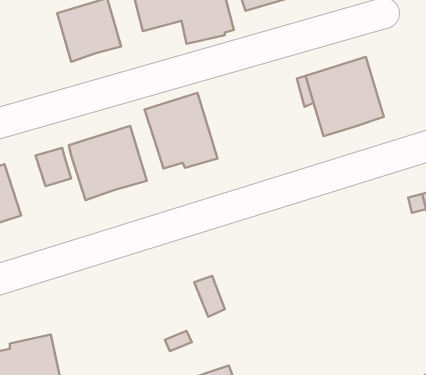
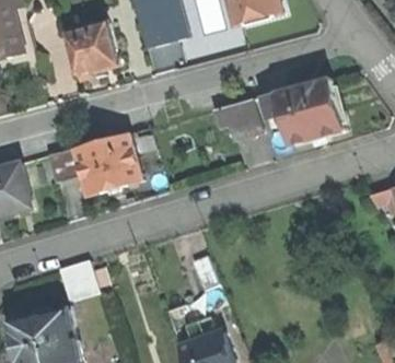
building: none -> [229,94,266,133]
building: [144,93,217,169] -> none
building: none -> [55,260,95,301]

